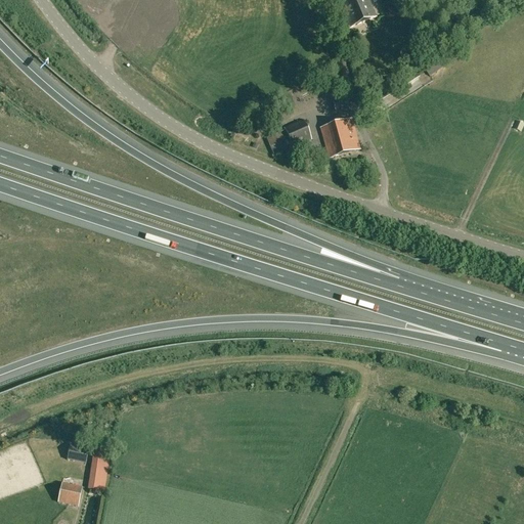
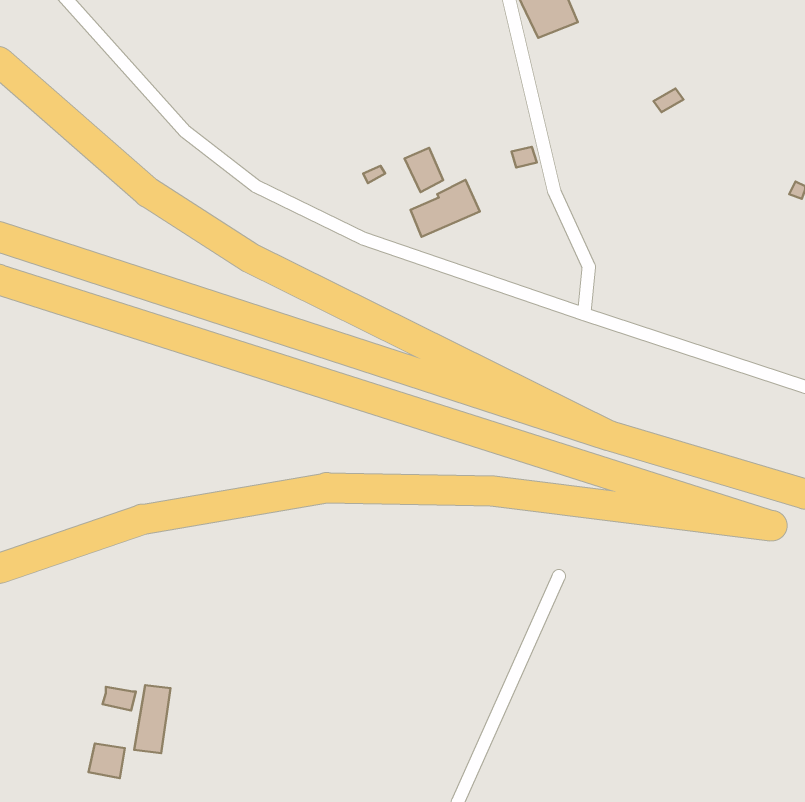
building: none -> [405,148,443,192]
building: [320,117,359,156] -> none

